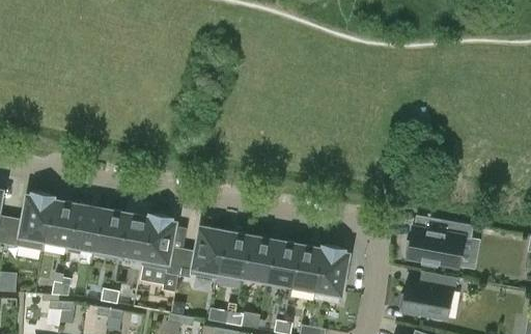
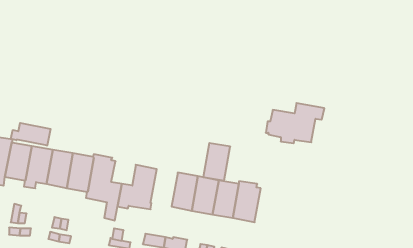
building: none -> [11,123,51,146]
building: [403,220,473,268] -> [266,103,324,143]
building: [217,231,249,276] -> [203,143,230,181]
building: [398,273,456,319] -> none

